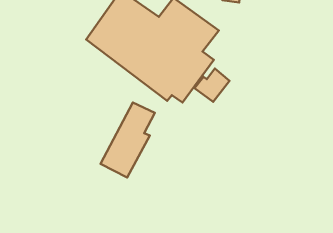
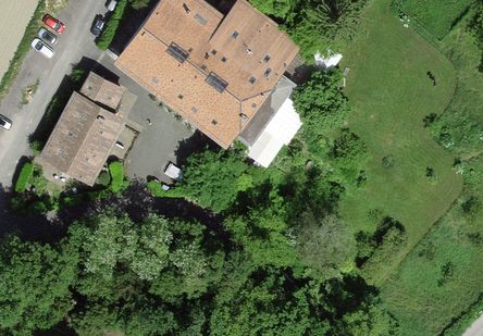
building: [101,102,155,178] -> [46,75,119,176]

